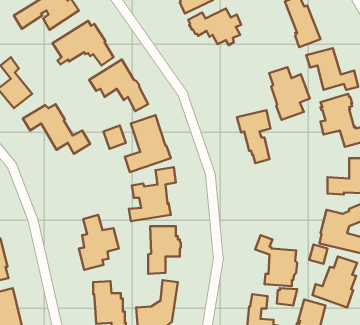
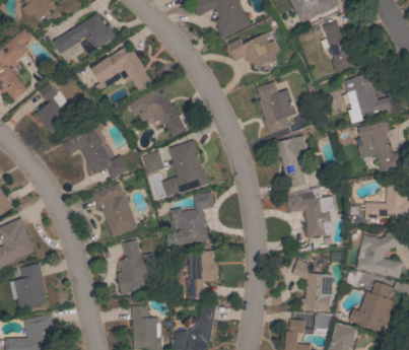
building: [269,67,310,120] -> [256,81,296,134]
building: none -> [91,182,138,236]
building: none -> [285,190,335,236]

